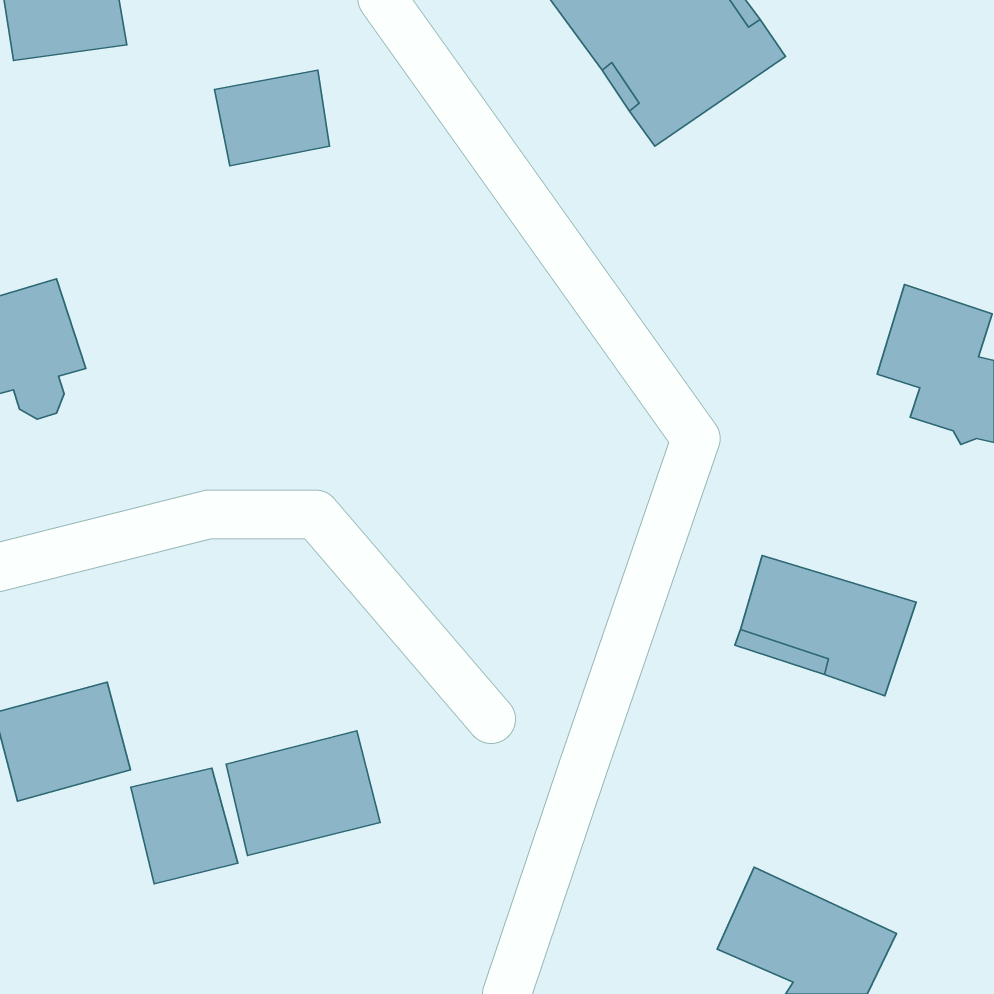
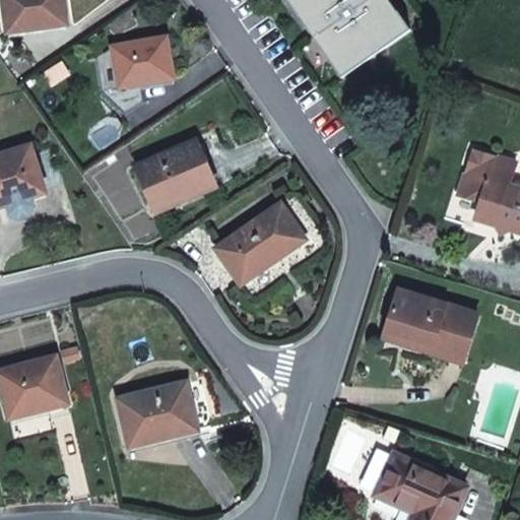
building: none -> [135,139,216,212]
building: none -> [216,204,303,282]
building: [131,768,238,884] -> none

